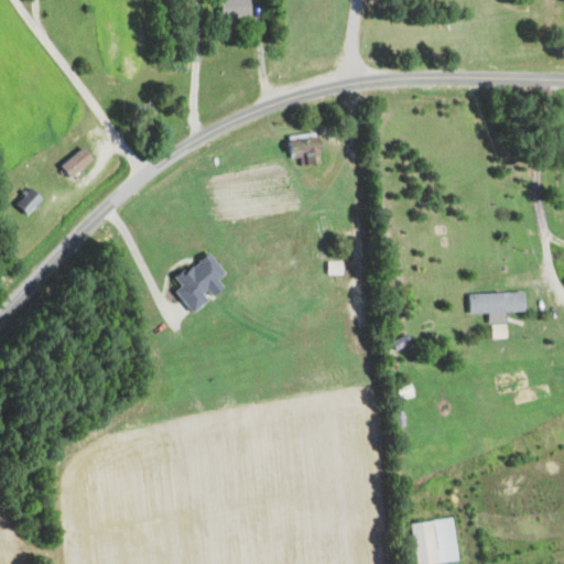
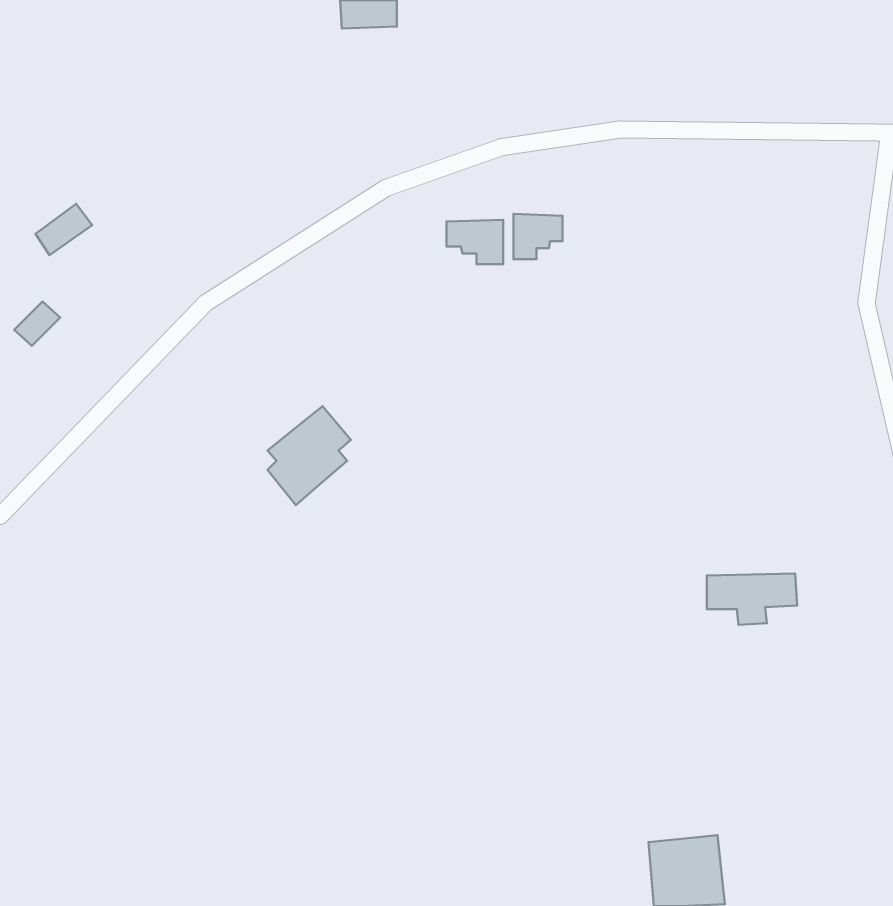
building: none -> [513,214,562,259]
building: [61,147,96,178] -> [35,204,92,255]
building: [470,292,527,324] -> [707,574,797,625]

